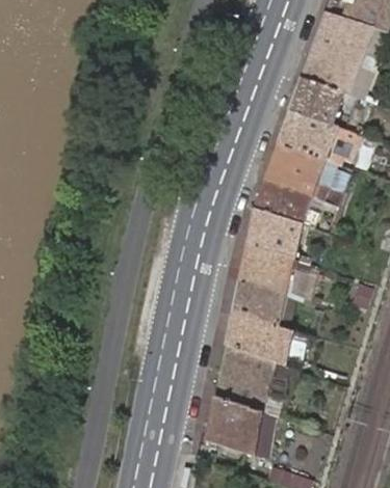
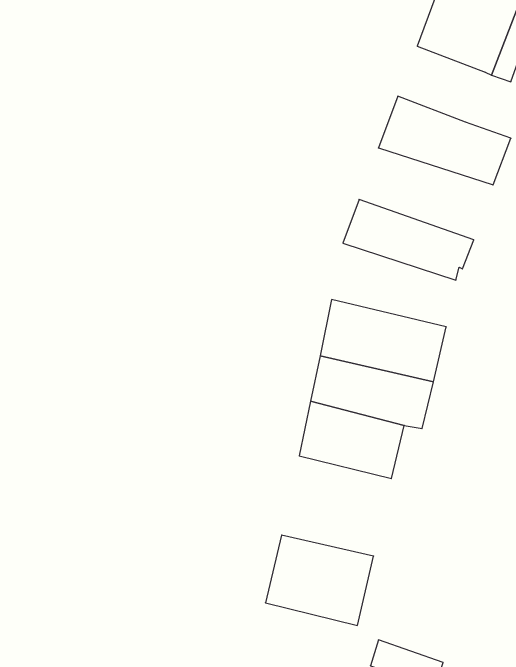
building: [287,81,343,130] -> none
building: [262,146,348,206] -> none
building: [244,208,324,262] -> none
building: [212,345,283,409] -> none

